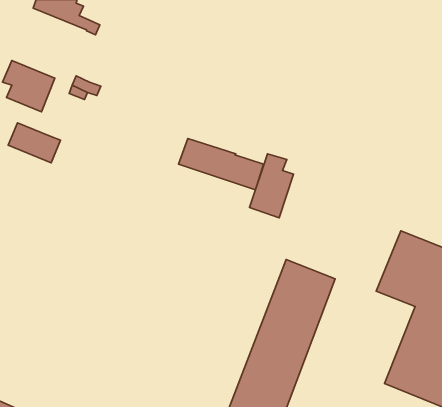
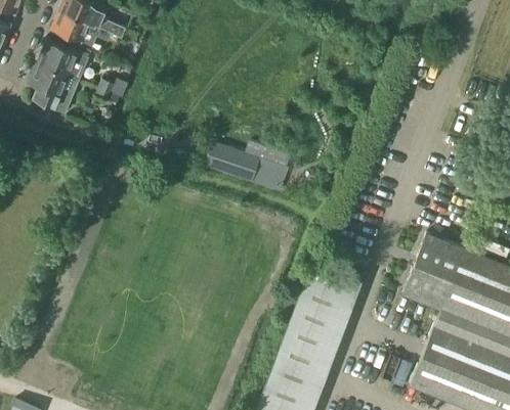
building: none -> [52,11,113,47]
building: [8,123,61,163] -> [38,41,90,81]
building: [249,154,293,218] -> none

